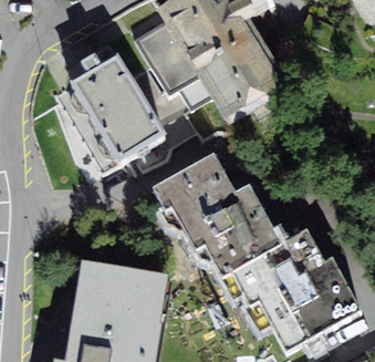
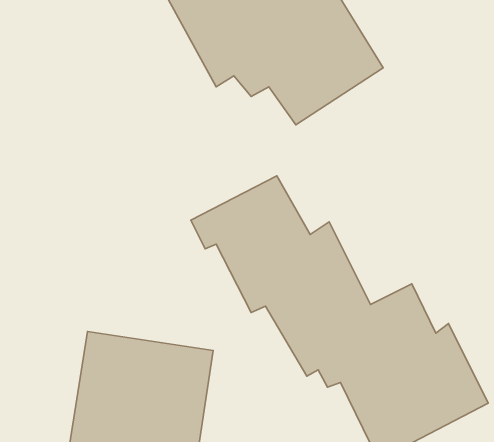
building: [56,53,160,179] -> none

